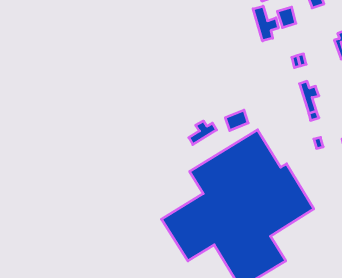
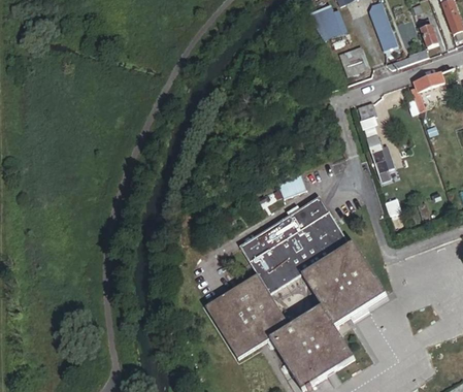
building: [253,6,278,41] -> none
building: [189,121,217,145] -> none

